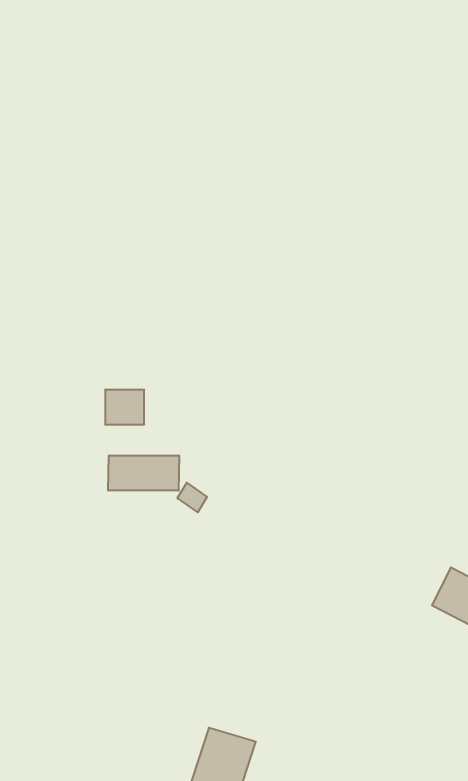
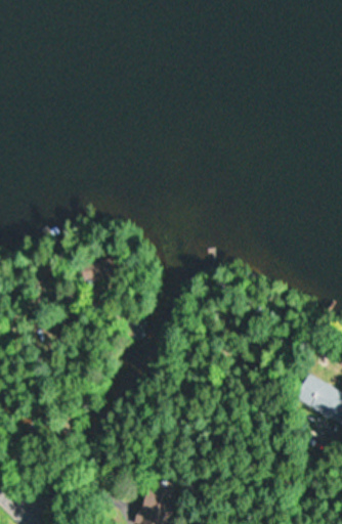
building: [108,455,179,491] -> none

